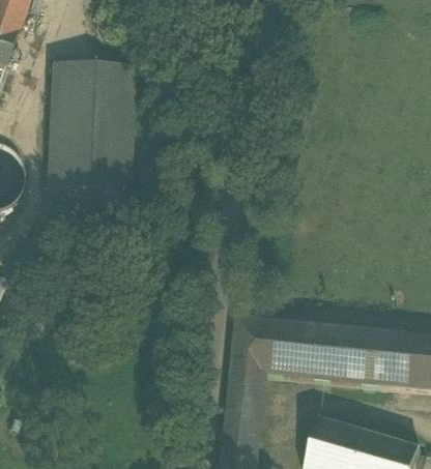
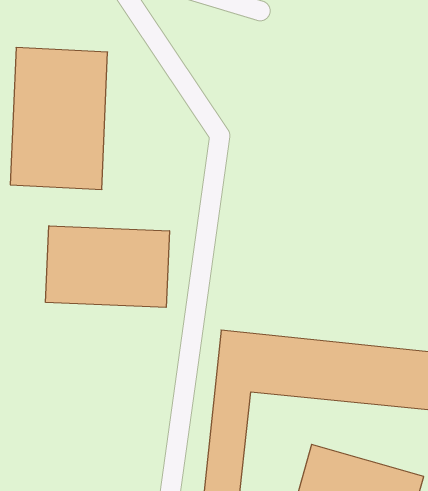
building: none -> [46,226,169,307]

